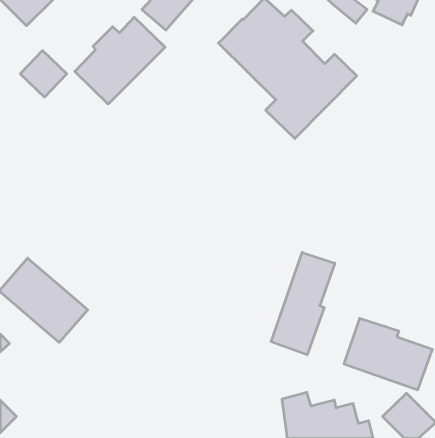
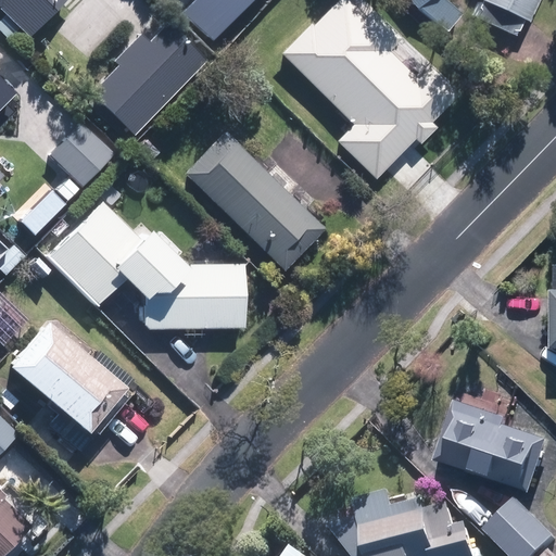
building: [20,51,67,97] -> [52,124,111,182]
building: none -> [184,134,321,269]
building: none -> [49,201,242,327]
building: [271,252,335,355] -> none

